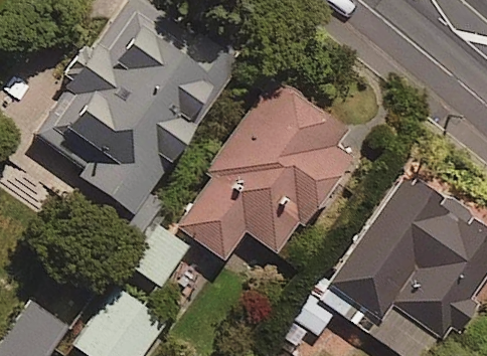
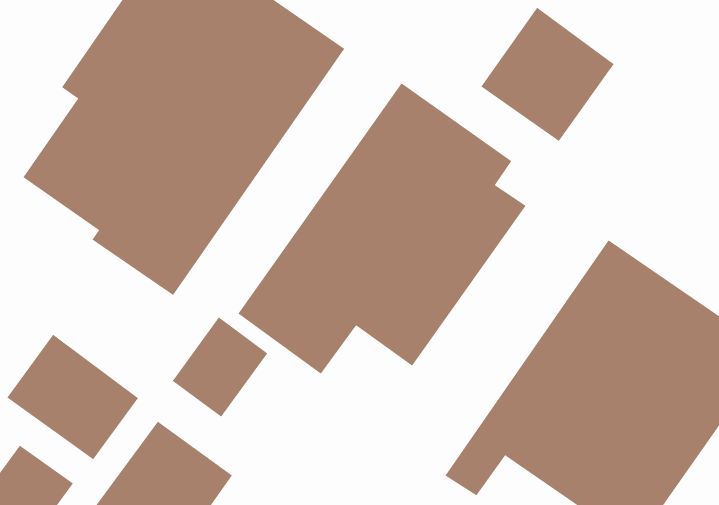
building: none -> [480,7,614,142]
building: none -> [7,334,139,460]

